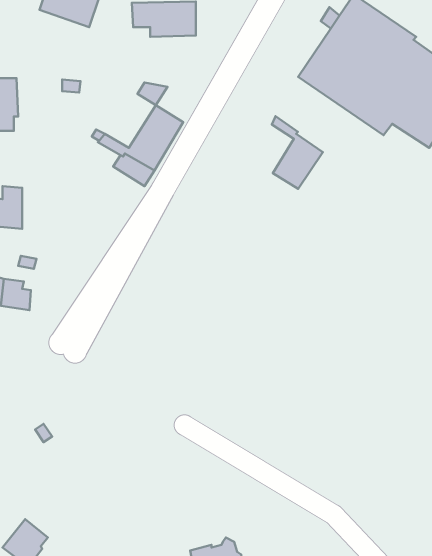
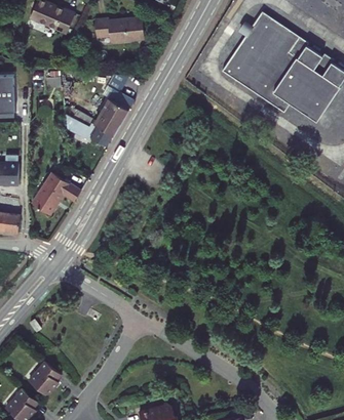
building: [272,116,323,189] -> none
building: none -> [34,174,83,217]
building: none -> [29,363,62,397]

